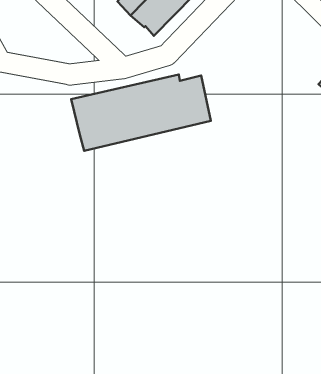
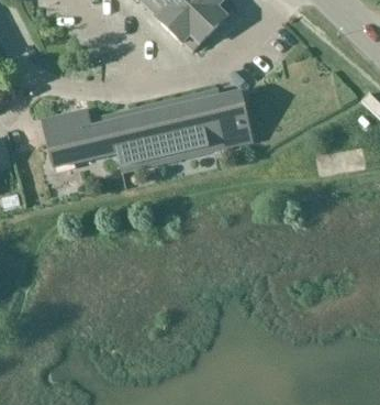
building: none -> [42,109,116,166]

